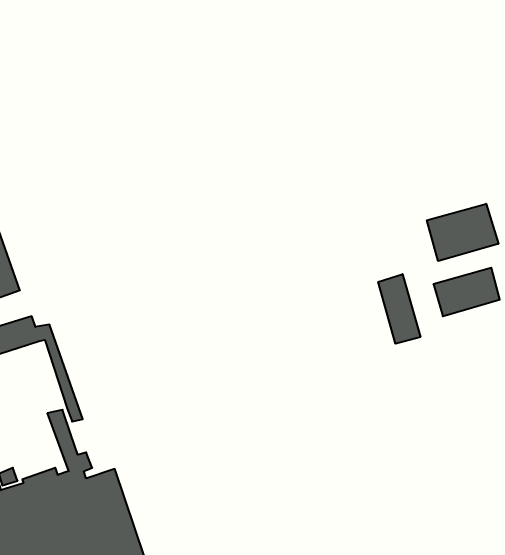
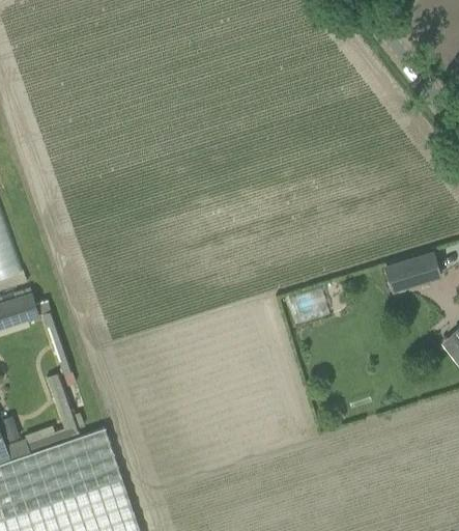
building: [427,204,498,261] -> none
building: [378,274,420,344] -> none

